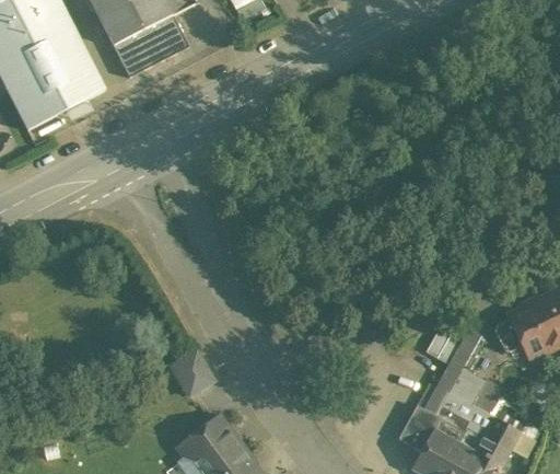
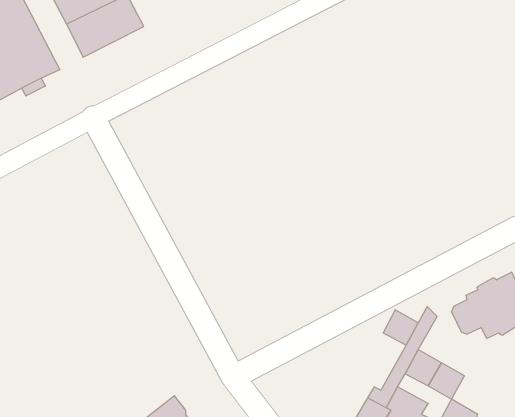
building: [172,350,214,396] -> none

